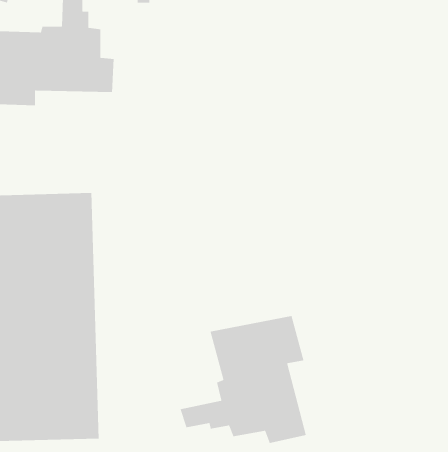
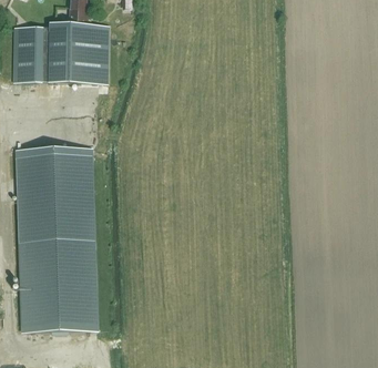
building: [179,315,307,444] -> none

